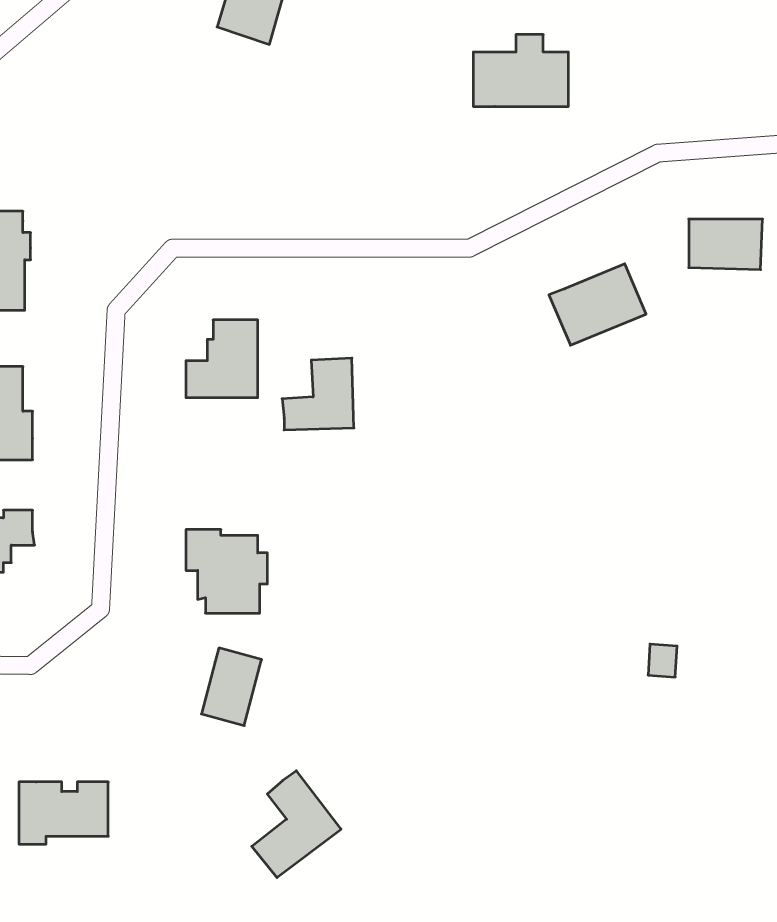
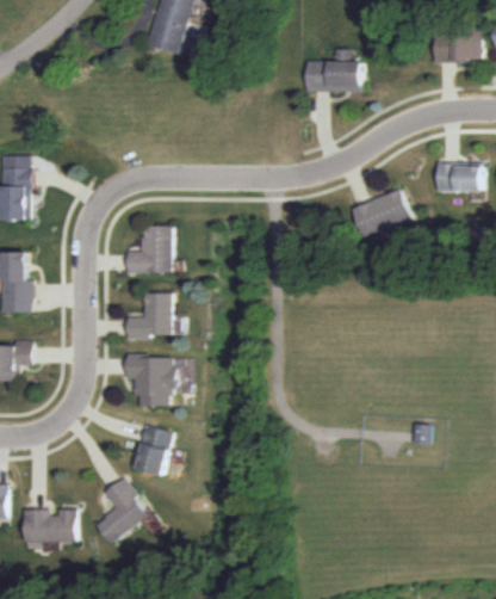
building: none -> [433,35,480,63]
building: [282,358,354,430] -> [126,291,170,335]
building: [252,771,341,878] -> [95,478,150,544]

